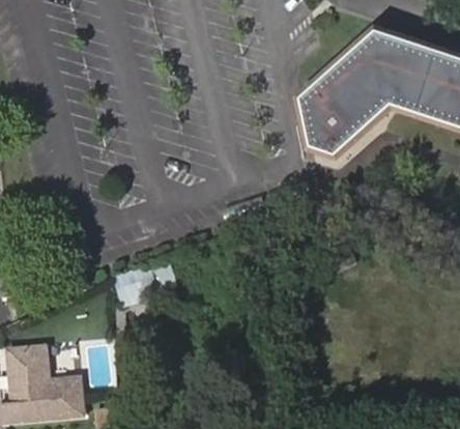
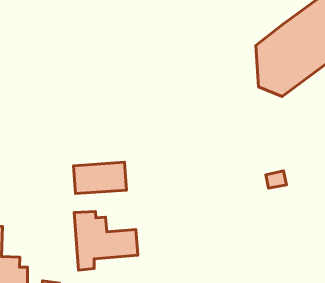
building: none -> [74,211,138,270]

